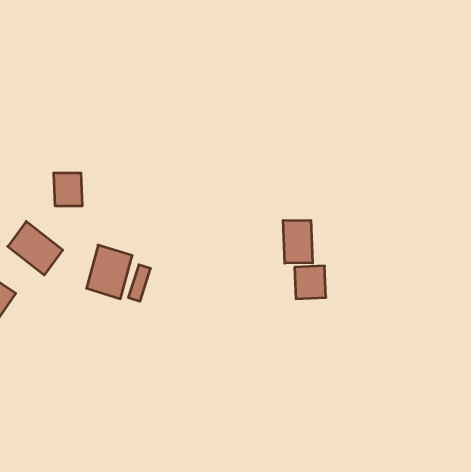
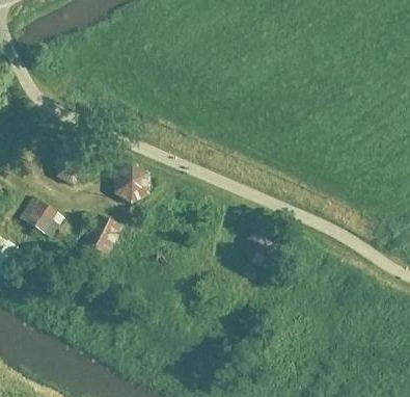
building: none -> [117,167,146,202]
building: [283,220,313,263] -> none

